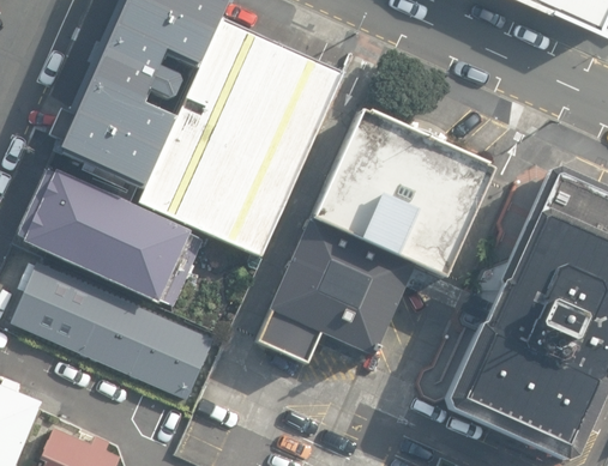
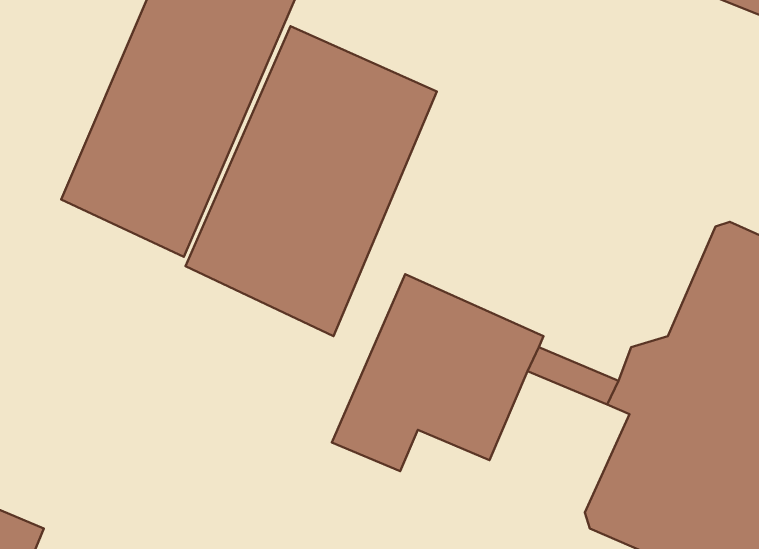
building: [312,102,493,270] -> none
building: [19,165,192,302] -> none
building: [16,264,213,399] -> none

